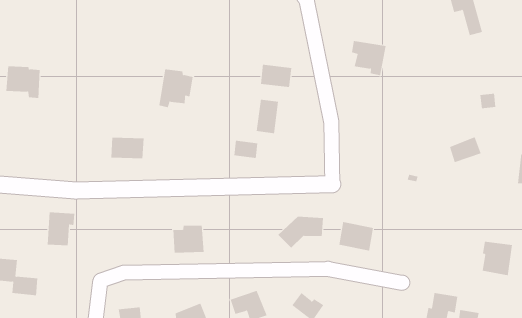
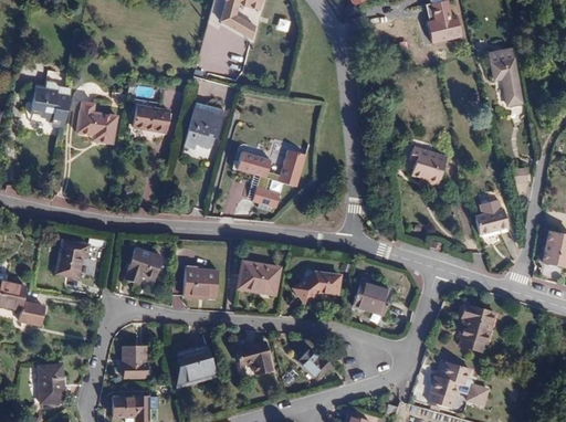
building: [351,40,386,76] -> [410,147,447,186]
building: [260,64,292,88] -> [239,150,273,177]
building: none -> [76,99,116,141]
building: [111,137,144,159] -> [133,106,169,131]
building: none -> [125,246,163,282]
building: none -> [238,261,279,294]
building: [482,241,513,276] -> [460,305,494,342]

